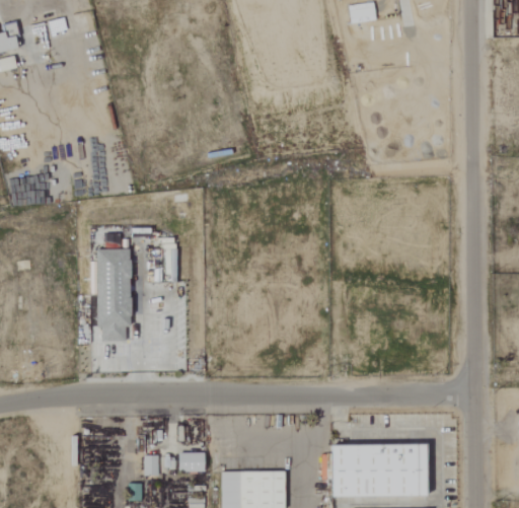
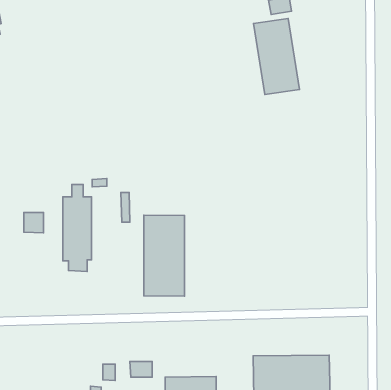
building: none -> [254,18,300,95]
building: none -> [24,212,44,233]
building: none -> [144,215,184,296]

